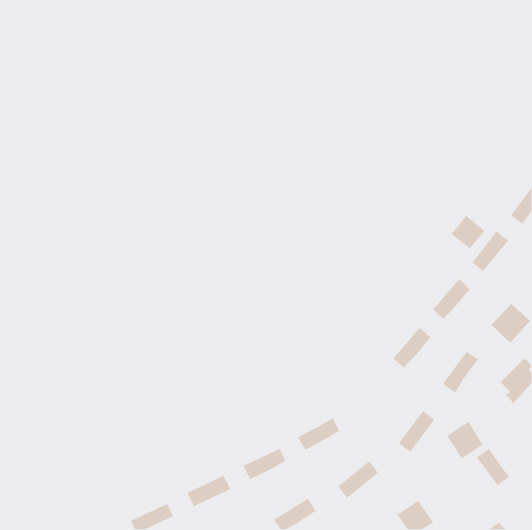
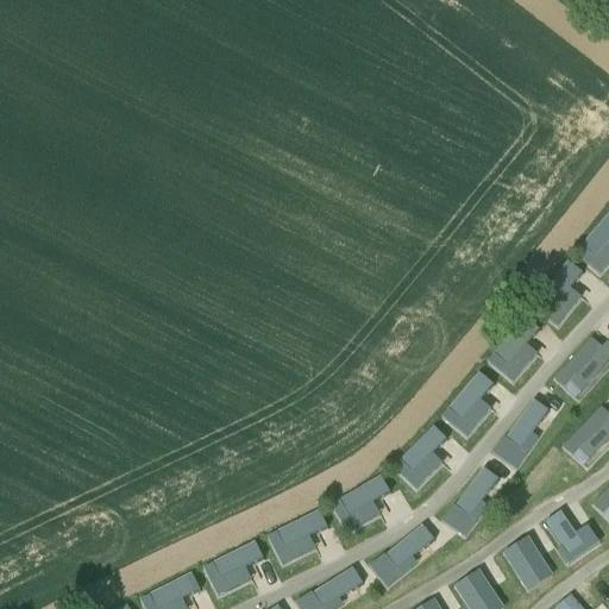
building: [451,215,485,249] -> none
building: none -> [400,427,446,473]
building: [446,421,483,459] -> [502,538,545,582]

